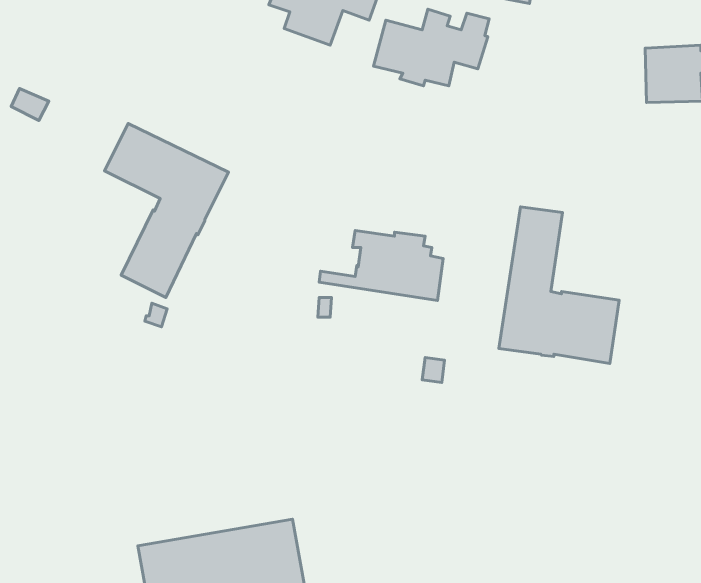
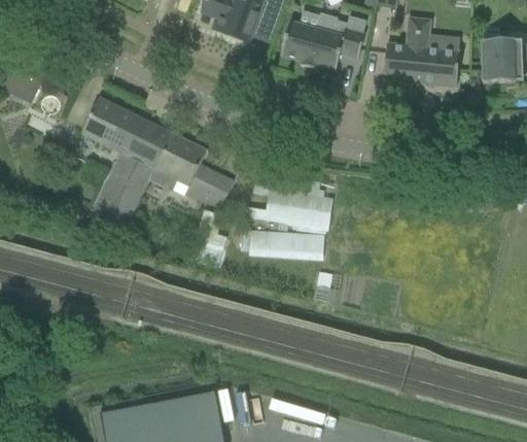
building: none -> [383,18,459,87]
building: none -> [150,134,234,207]
building: [499,207,619,363] -> none
building: none -> [250,231,323,261]

